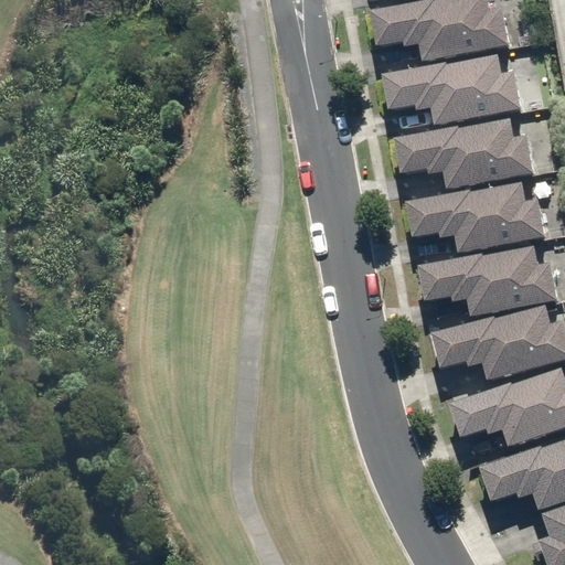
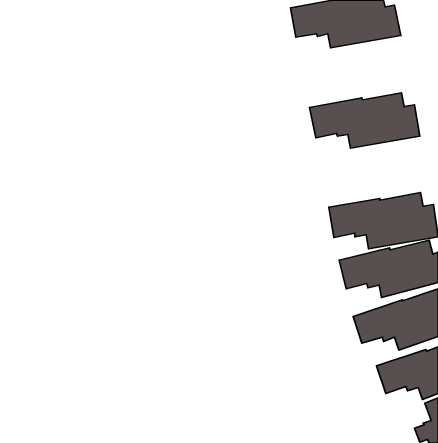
building: [382,54,522,125] -> none
building: [406,181,545,252] -> none

